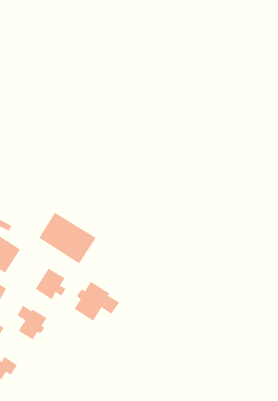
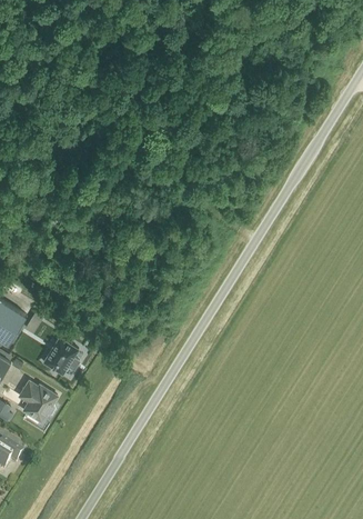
building: [39,212,96,264] -> none
building: [74,281,120,322] -> none

